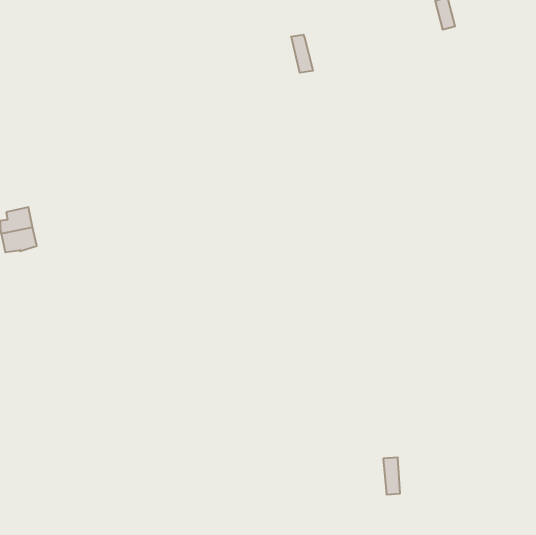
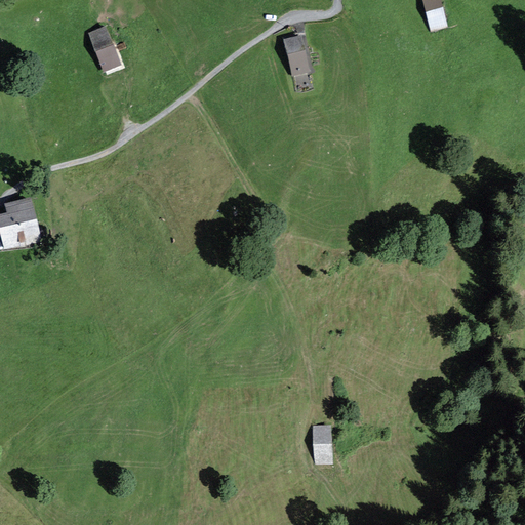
building: none -> [91,25,118,68]
building: [383,458,400,494] -> [313,426,329,461]

